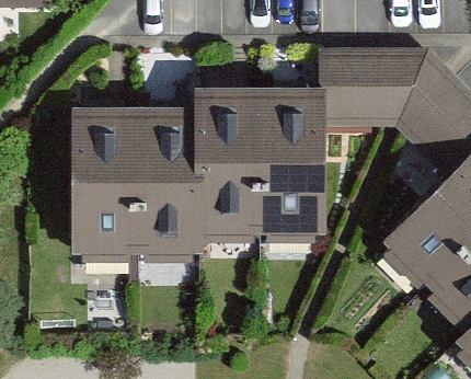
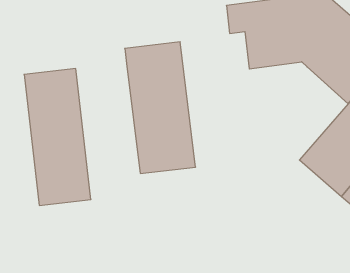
building: [263,90,332,234] -> none
building: [141,107,200,257] -> none

